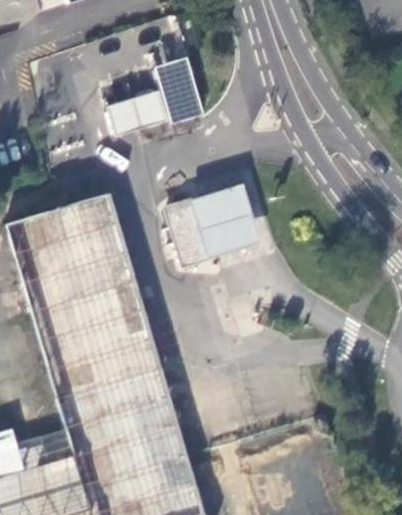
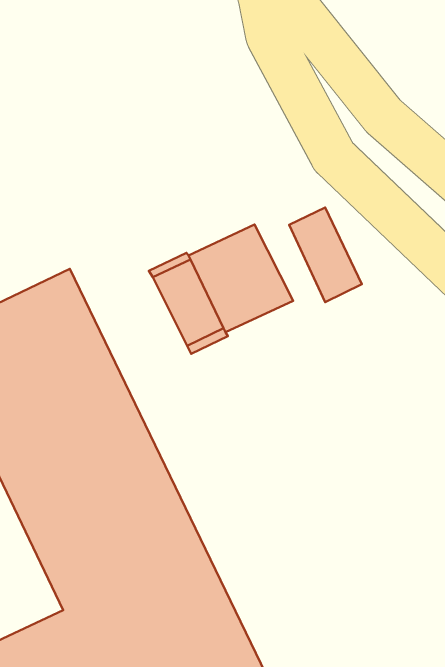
building: [109,55,204,137] -> none
building: none -> [289,208,362,302]

